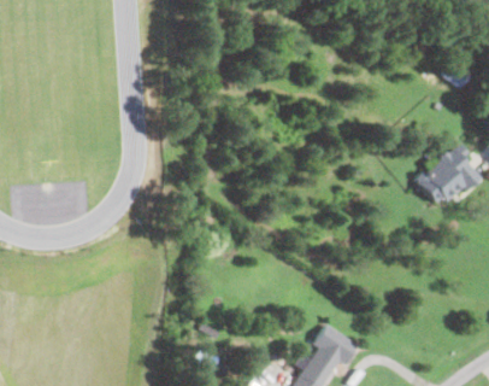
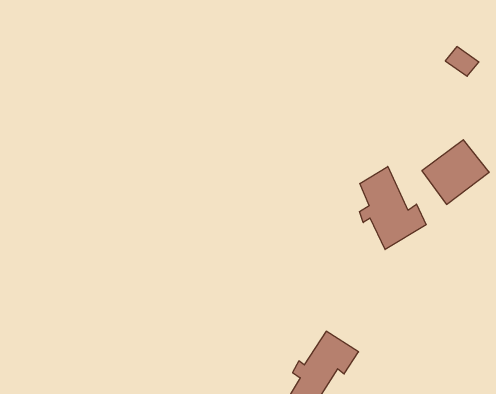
building: none -> [359,166,426,250]

